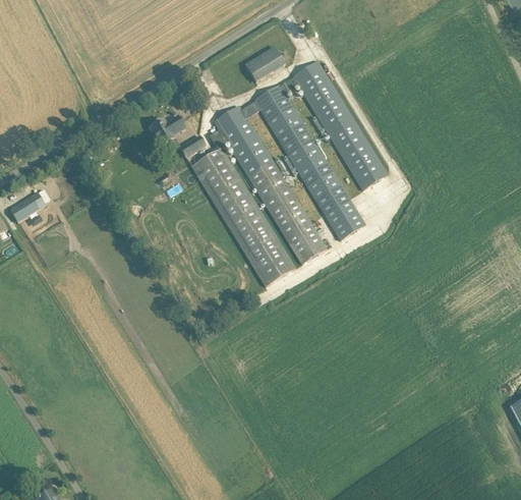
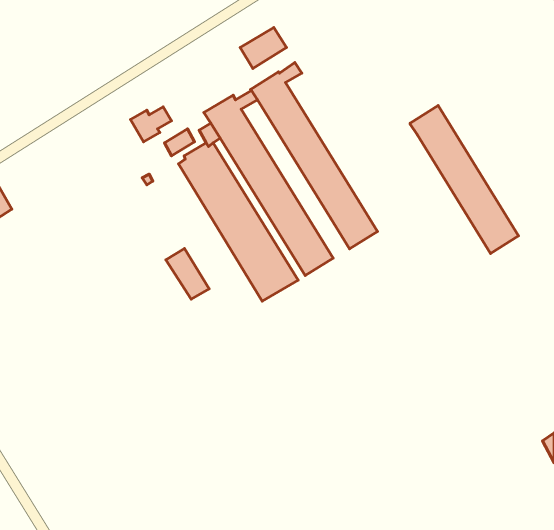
building: [292,60,387,189] -> [410,106,519,253]
building: none -> [166,248,209,299]

